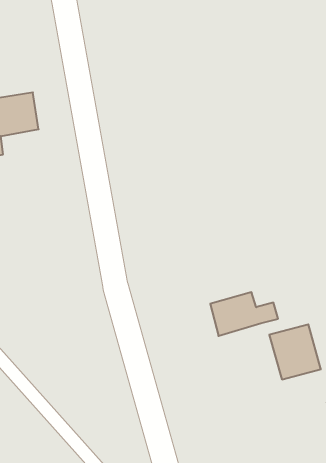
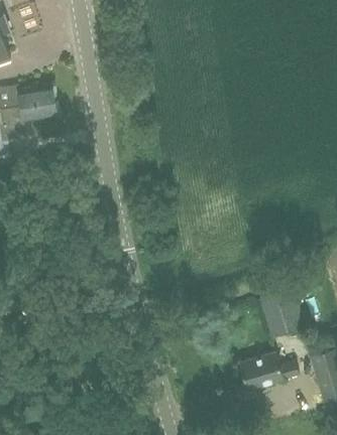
building: [210,292,278,336] -> [239,351,299,390]

